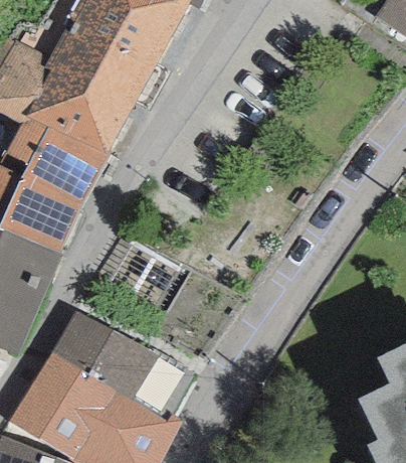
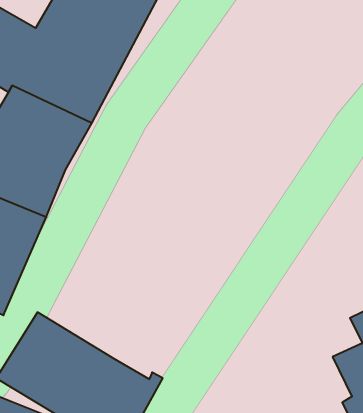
building: [51,313,157,402] -> none

